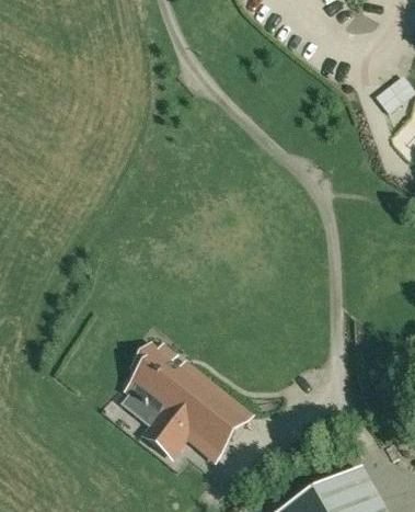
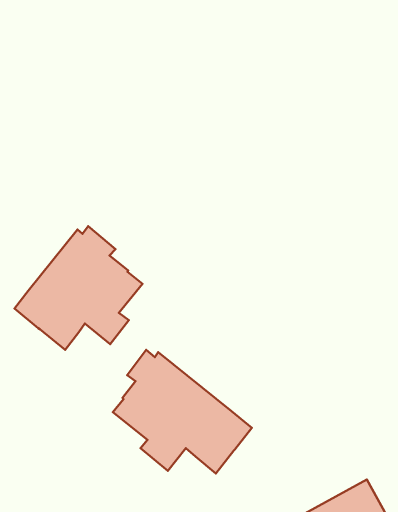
building: none -> [14,226,142,350]

